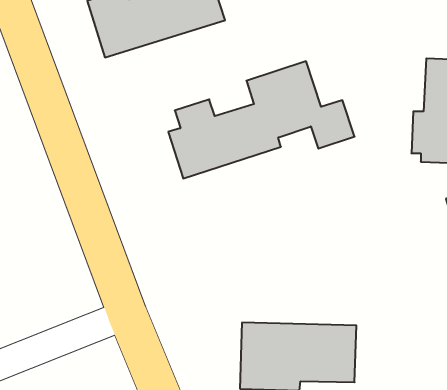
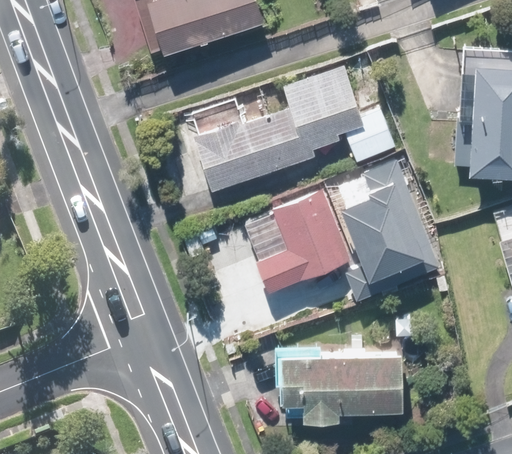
building: none -> [346,156,448,295]
building: none -> [256,191,350,292]

